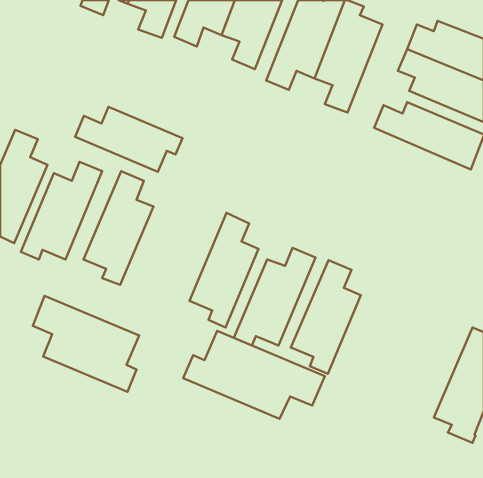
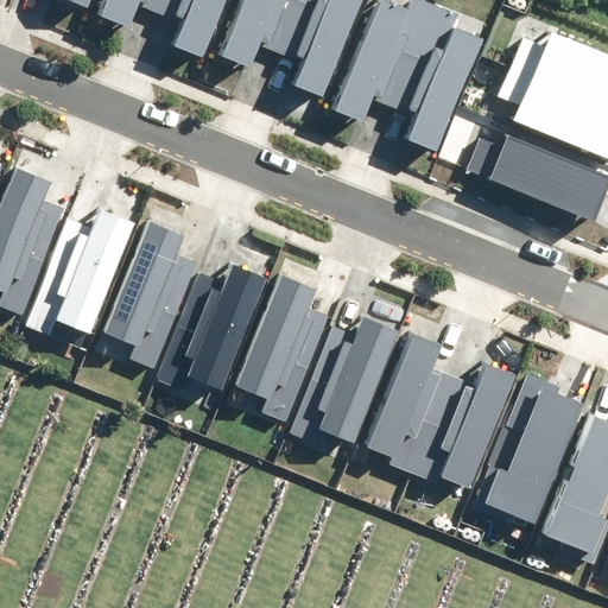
building: [75,107,183,172] -> none
building: none -> [162,267,264,390]
building: none -> [412,363,514,486]
building: [33,296,139,392] -> none
building: none -> [477,397,580,518]
building: [183,331,325,419] -> none

